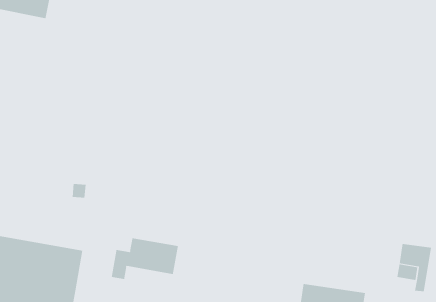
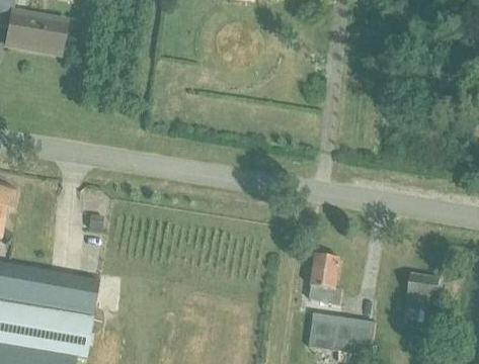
building: none -> [310,253,342,304]
building: [111,237,178,280] -> none

